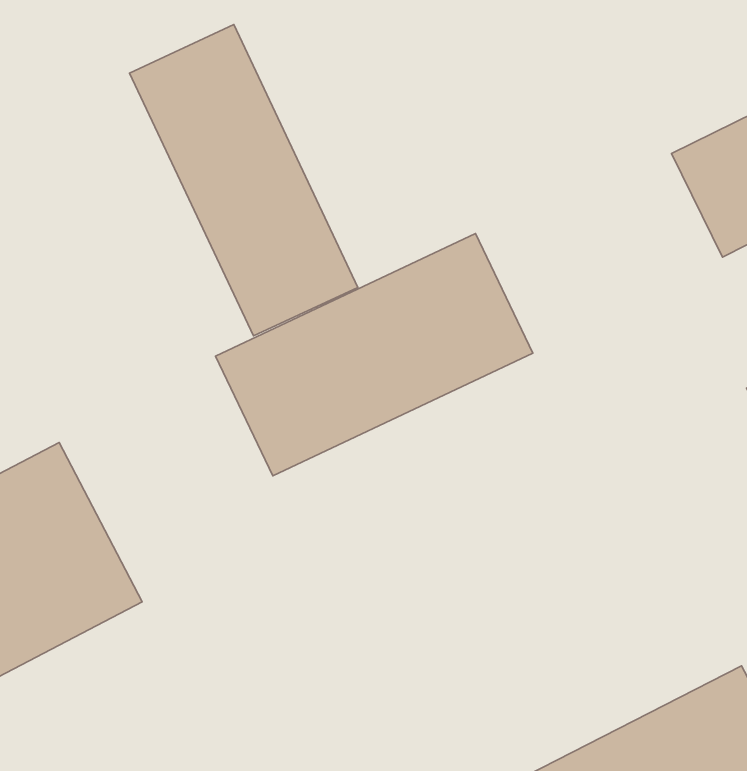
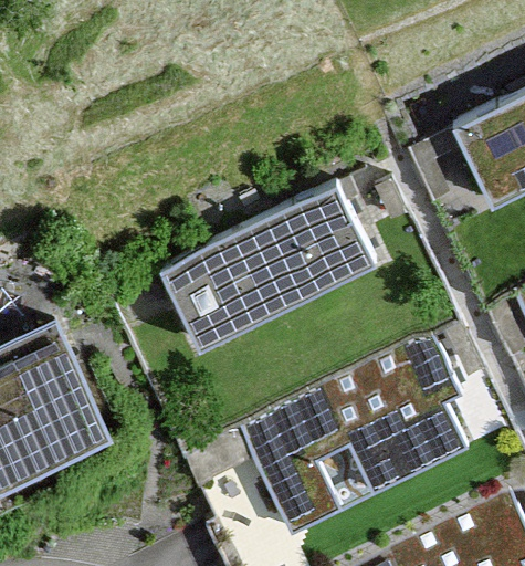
building: [129,25,358,336] -> none
building: none -> [262,336,476,524]

